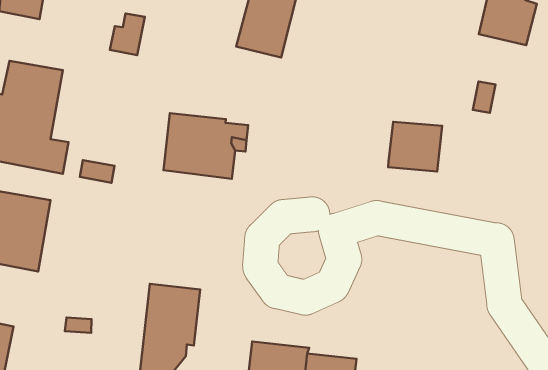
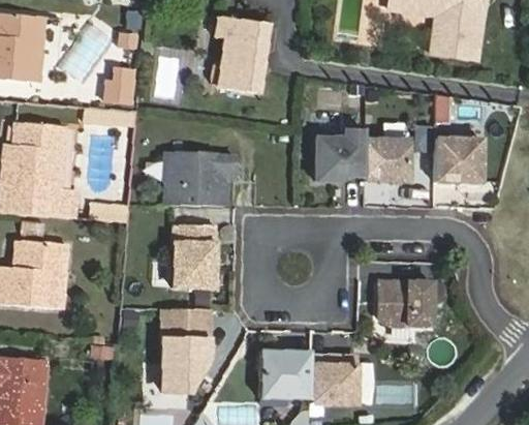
building: none -> [316,129,365,180]
building: none -> [435,136,481,180]
building: none -> [174,225,215,287]
building: none -> [380,280,433,325]

